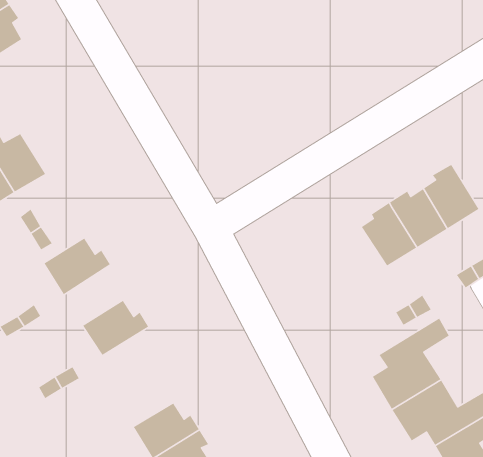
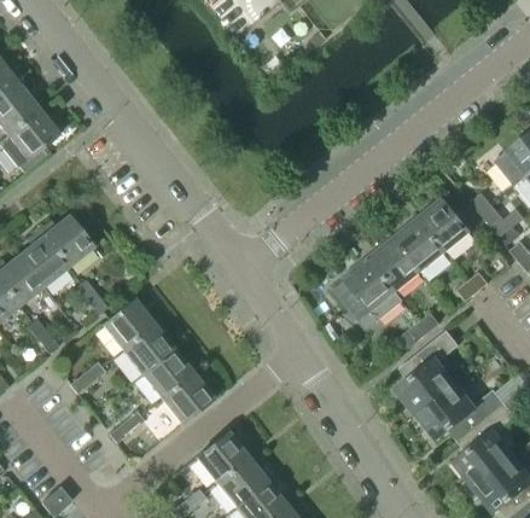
building: none -> [332,260,402,321]
building: none -> [121,319,173,374]
building: none -> [161,368,212,424]

